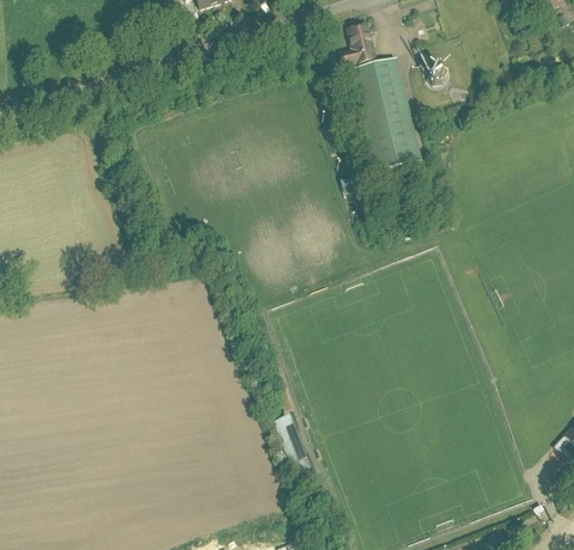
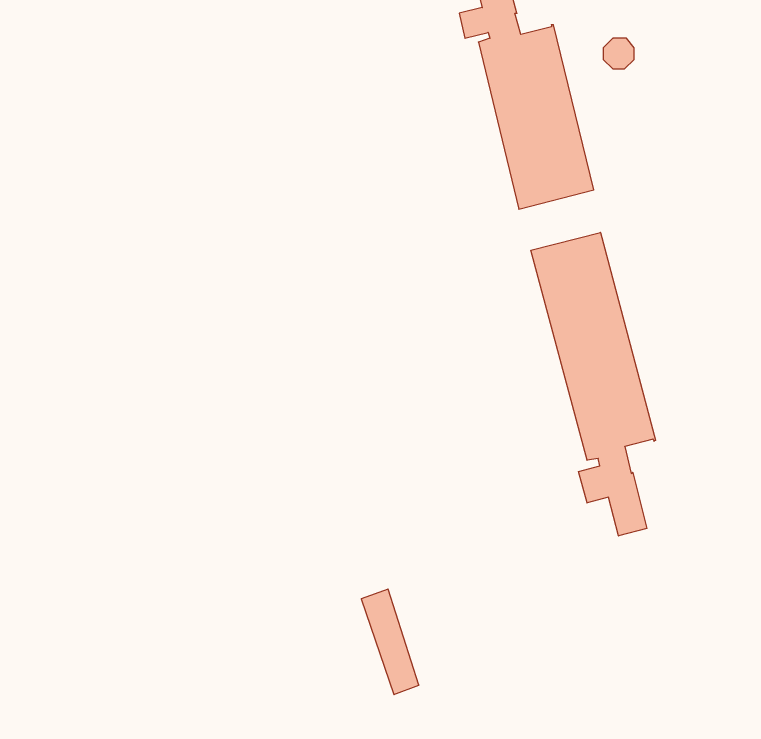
building: none -> [531,232,656,536]

